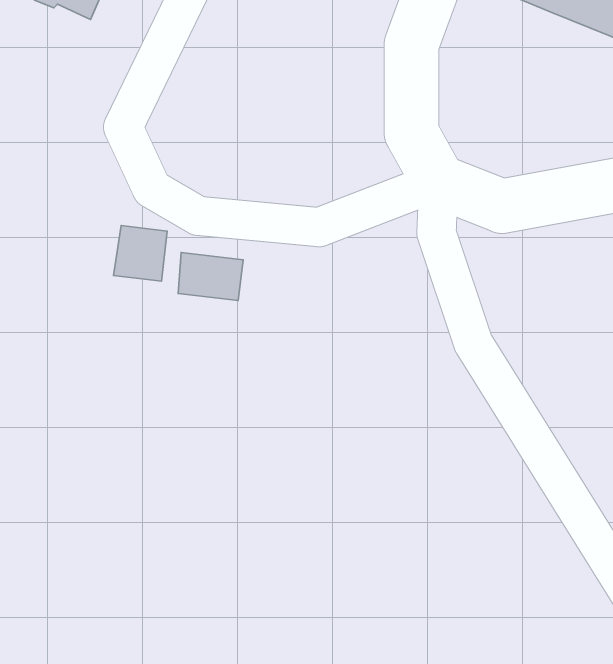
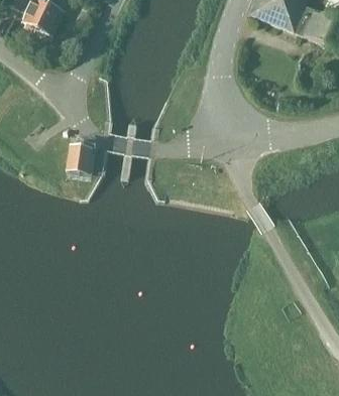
building: [178,252,243,301] -> none

